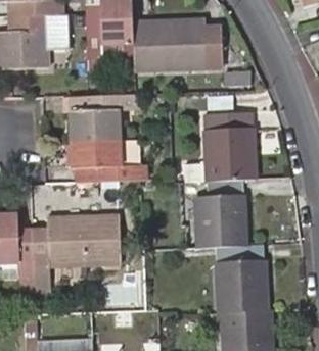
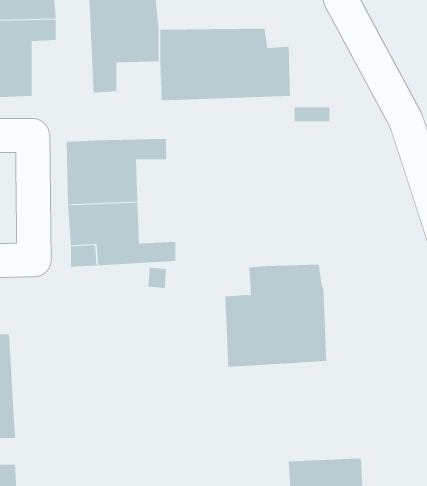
building: [202,113,255,182] -> none
building: [33,214,121,299] -> none
building: [216,246,268,313] -> none

